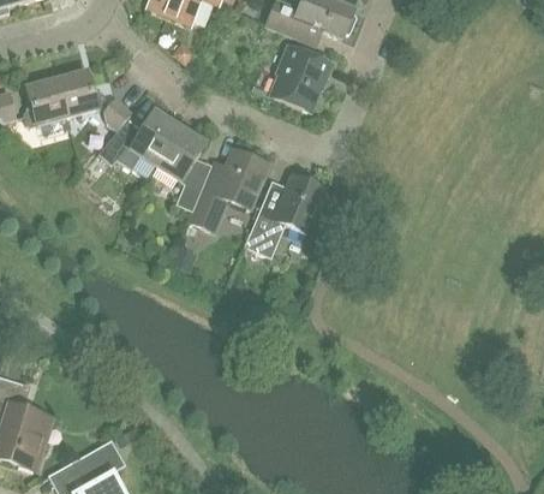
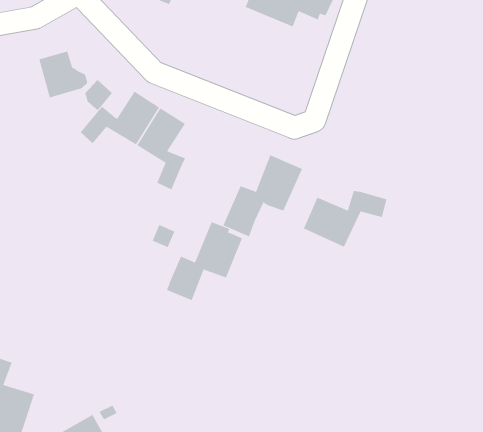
building: [270,43,330,111] -> none
building: [24,76,67,125] -> none
building: [189,149,267,230] -> [166,222,243,301]
building: none -> [303,190,387,247]

